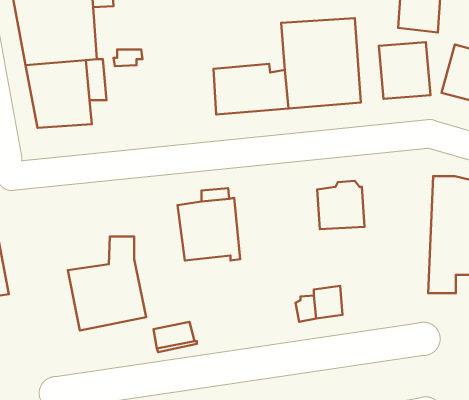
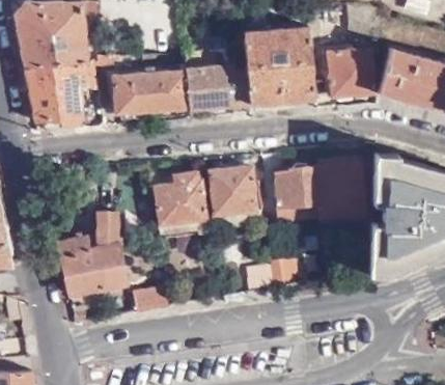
building: none -> [112,70,187,114]
building: none -> [314,161,363,216]
building: none -> [207,165,254,215]

